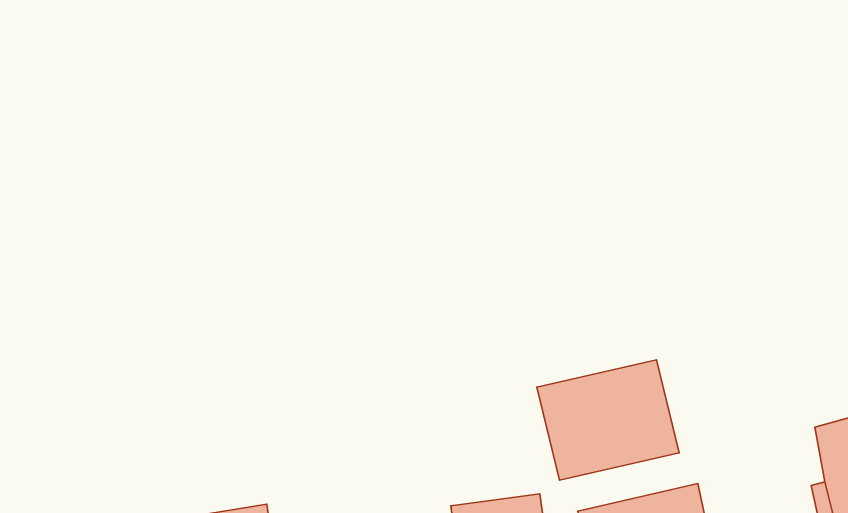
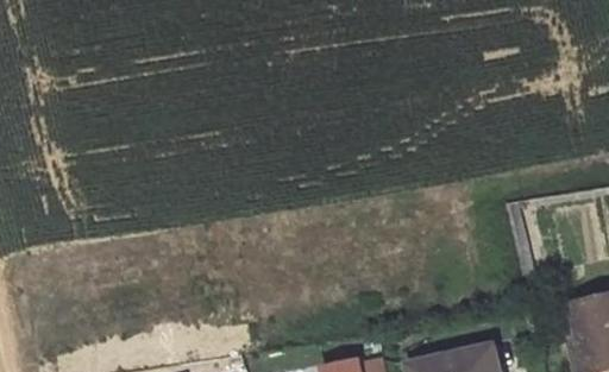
building: [537,360,679,480] -> none

